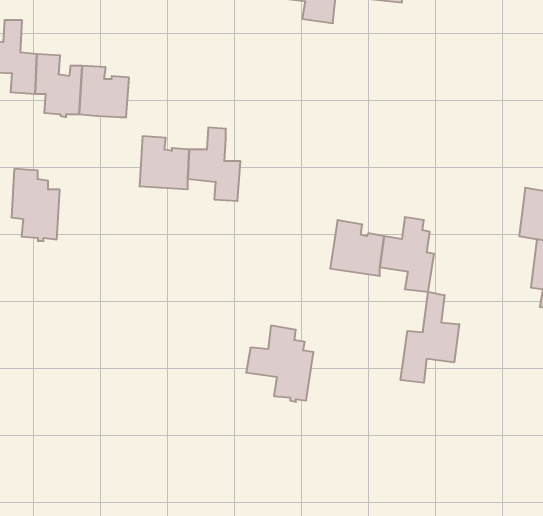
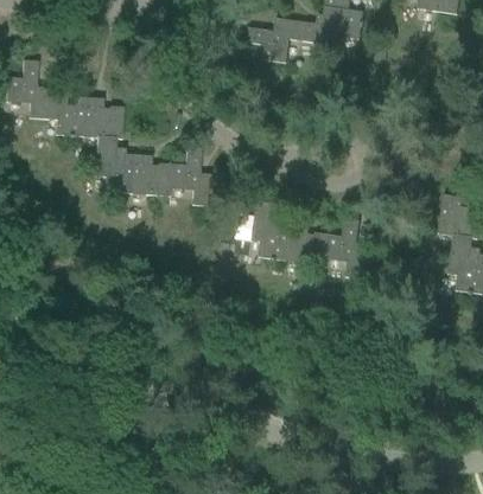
building: [11,169,60,241] -> [94,136,133,194]
building: [401,292,459,383] -> none
building: [246,326,314,402] -> [236,199,291,261]

